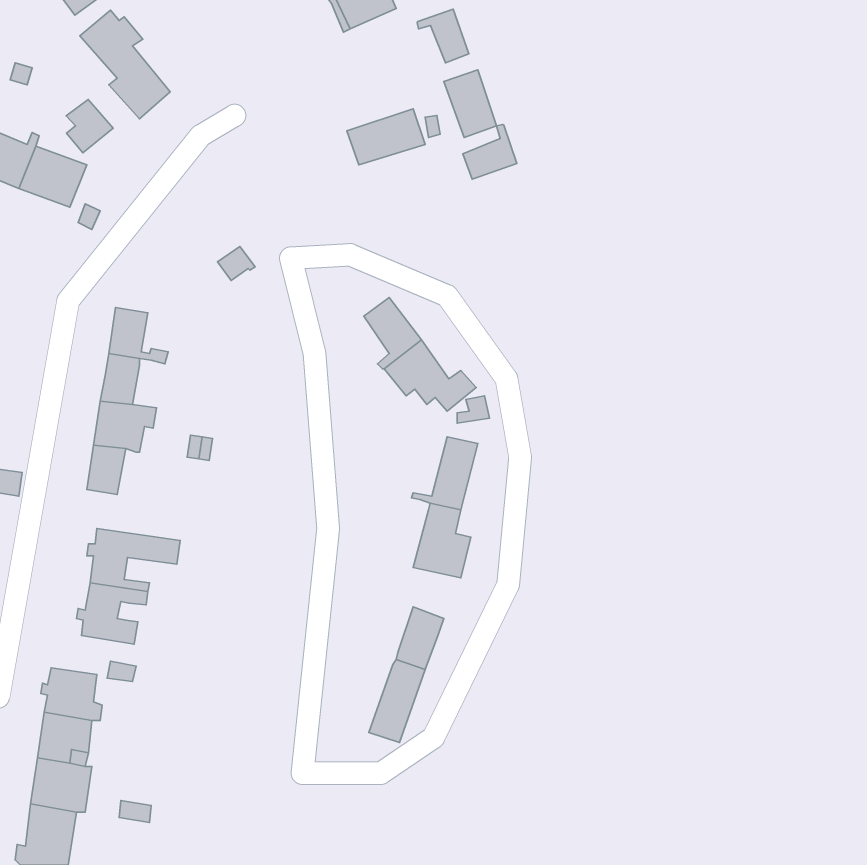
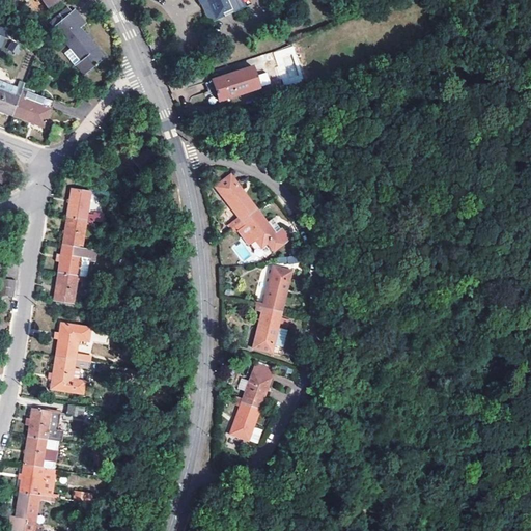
building: [417,9,469,63] -> none
building: [66,99,113,153] -> none
building: [463,124,517,179] -> none

